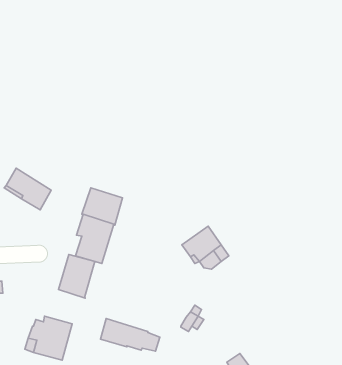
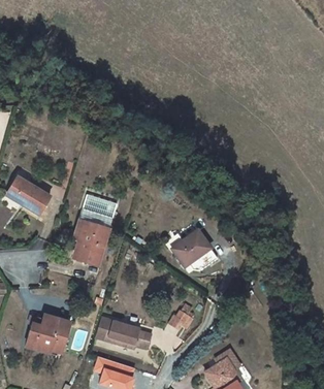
building: [59,254,95,298] -> none

